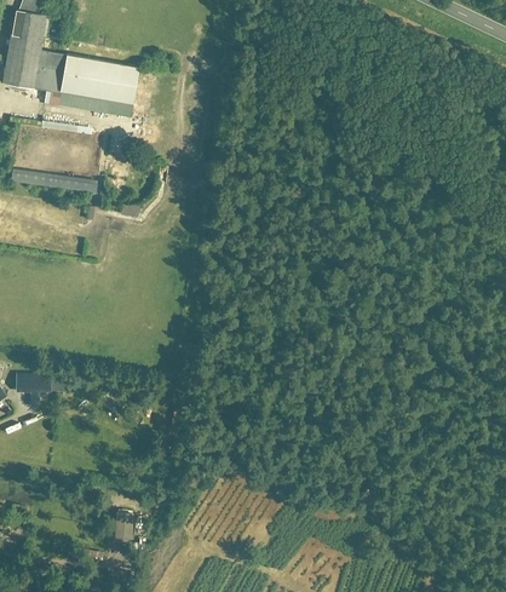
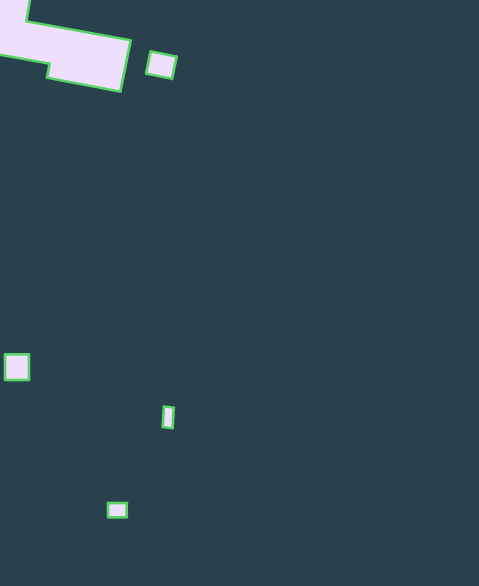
building: none -> [146,51,176,79]

